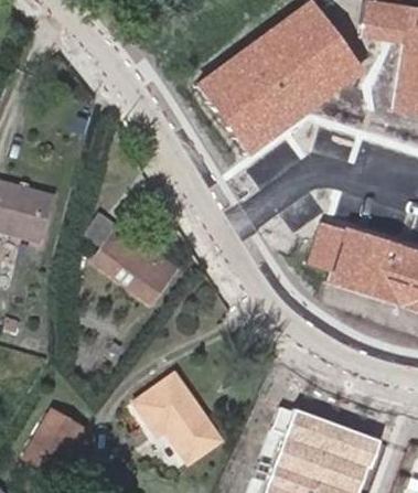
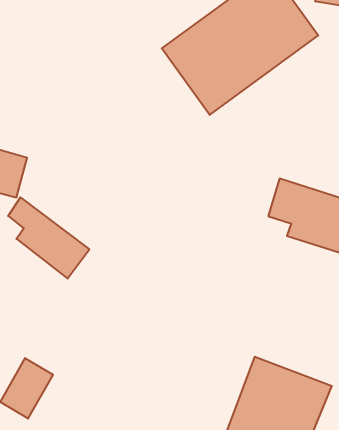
building: [88,215,174,301] -> [8,197,89,279]
building: [136,375,223,463] -> none

